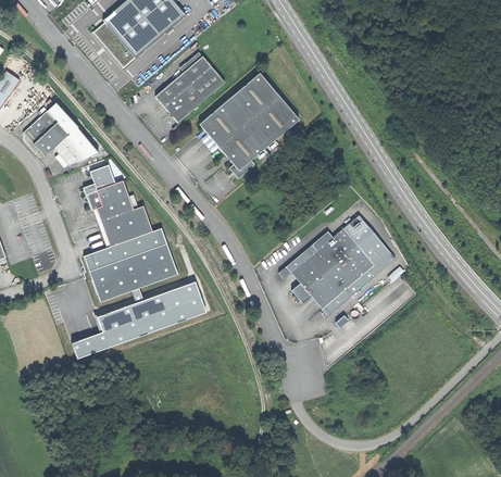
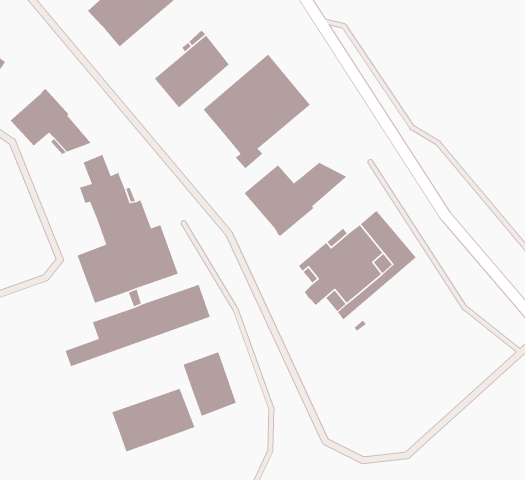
building: none -> [243,162,348,237]
building: none -> [182,351,237,417]
building: none -> [111,388,196,453]

